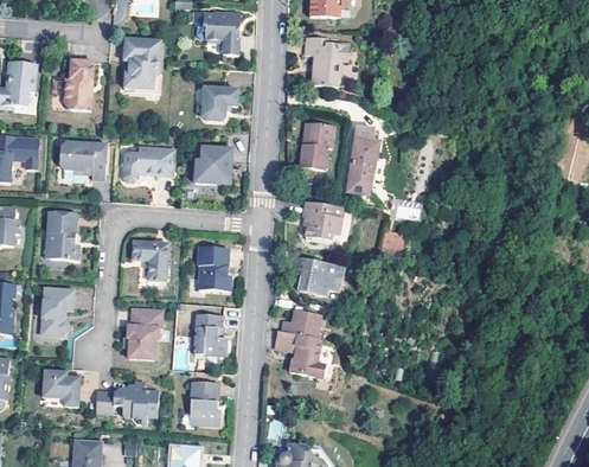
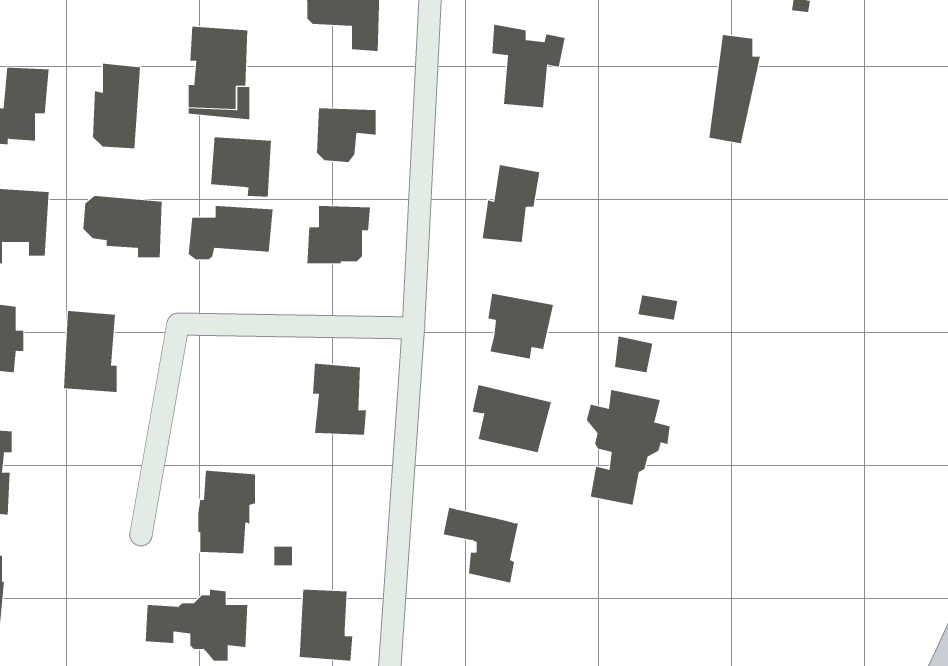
building: none -> [210,136,271,197]
building: [347,128,379,194] -> [708,35,761,144]
building: [130,242,167,282] -> none
building: none -> [586,389,670,506]
building: [40,283,73,331] -> none
building: [284,311,319,338] -> none
building: [192,312,226,352] -> none
building: [40,371,79,408] -> none

